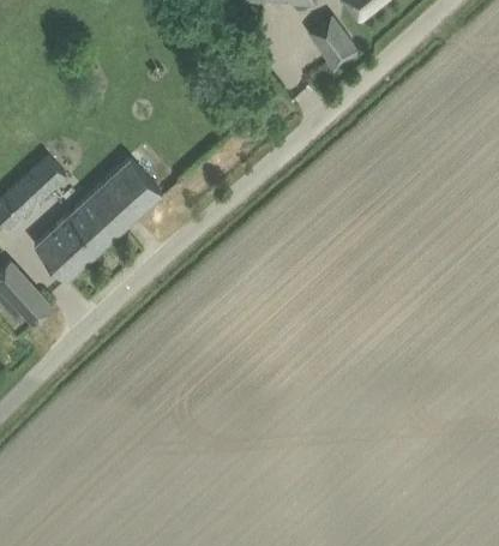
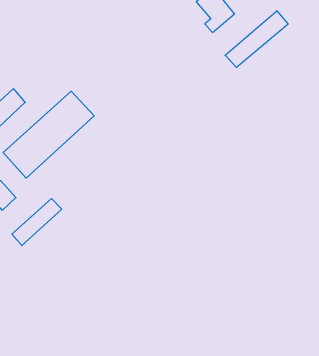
building: none -> [225,11,288,68]
building: none -> [12,199,62,246]

